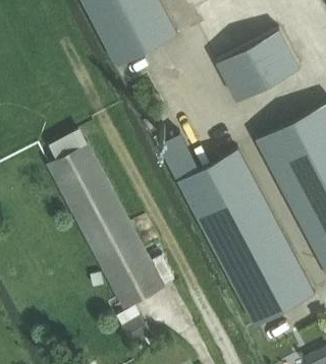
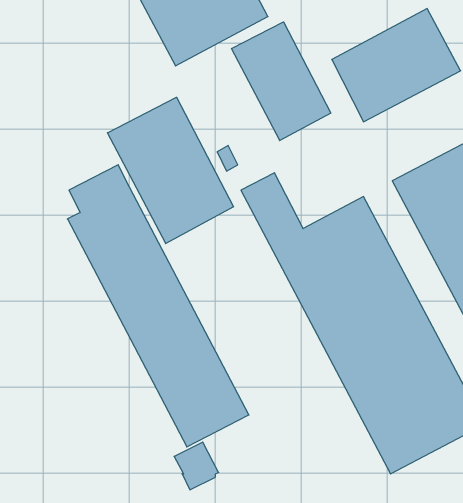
building: none -> [232,22,331,141]
building: none -> [107,97,233,244]

